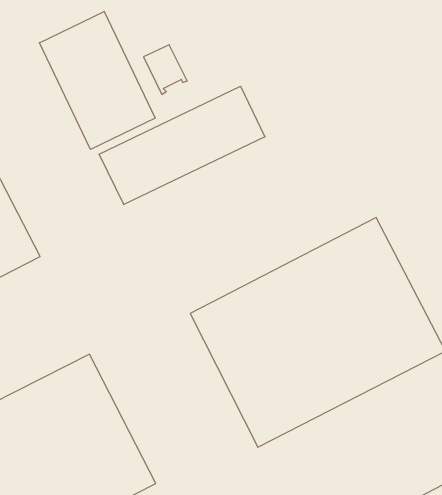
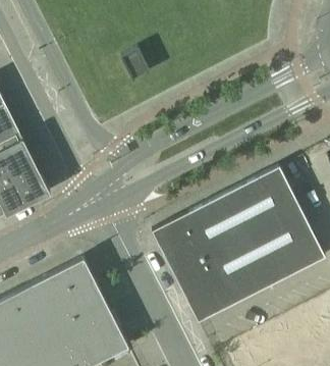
building: [39,11,155,149] -> none
building: [99,86,265,205] -> none

